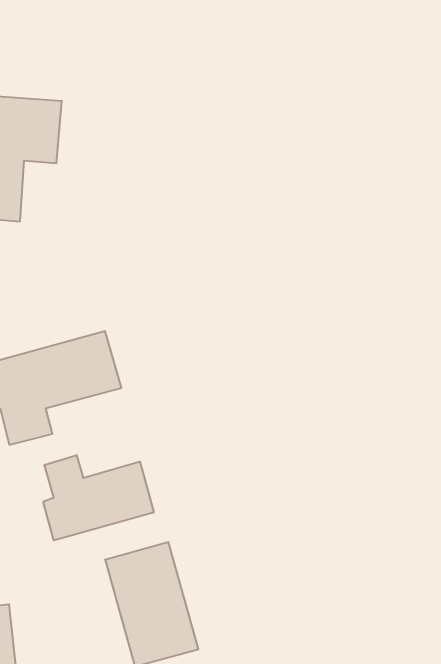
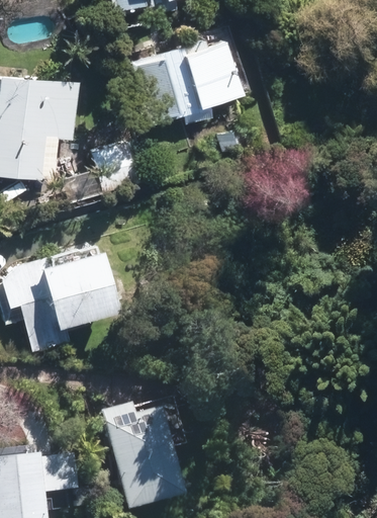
building: none -> [148,23,260,114]
building: [43,455,154,540] -> none

